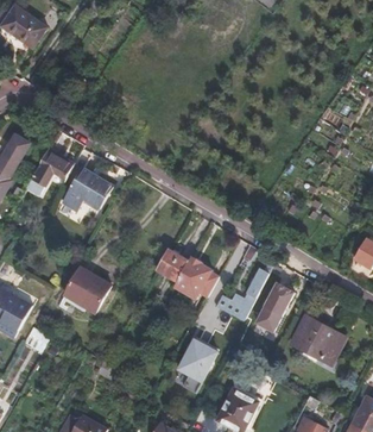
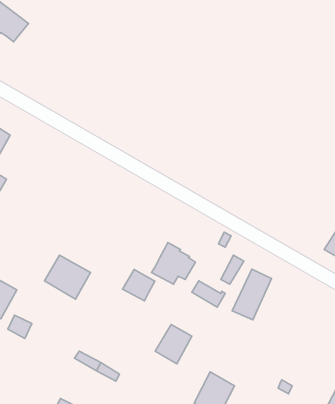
building: [26,149,74,194] -> none
building: [63,169,113,213] -> none
building: [154,246,188,278] -> [123,270,155,301]
building: [289,314,344,363] -> none

